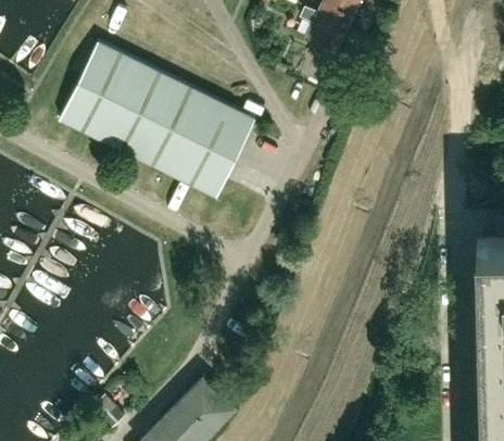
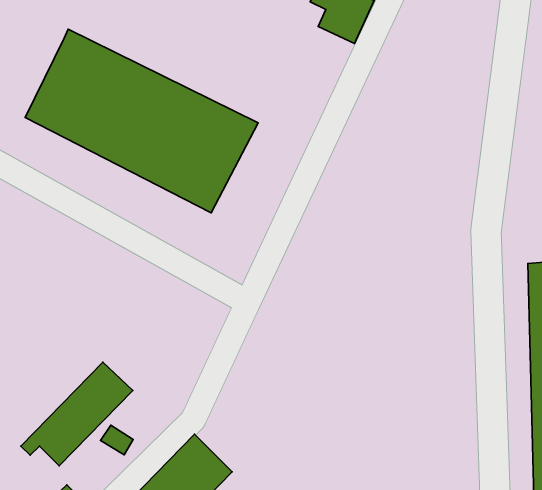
building: none -> [21,362,133,466]

